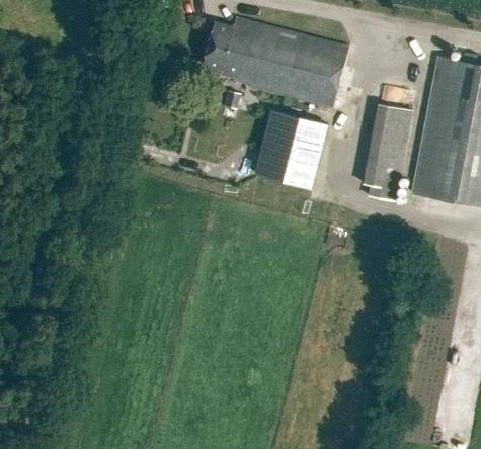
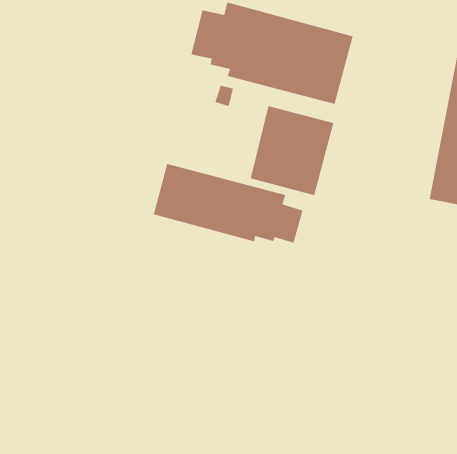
building: [359,103,410,191] -> none
building: none -> [153,163,303,244]

